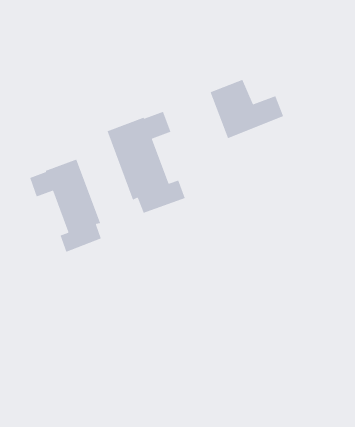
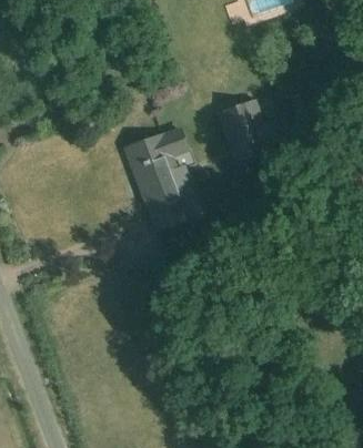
building: [29,159,102,253] -> none

